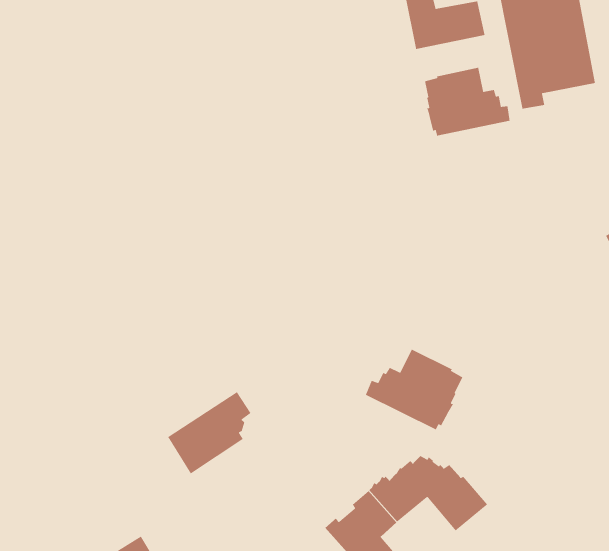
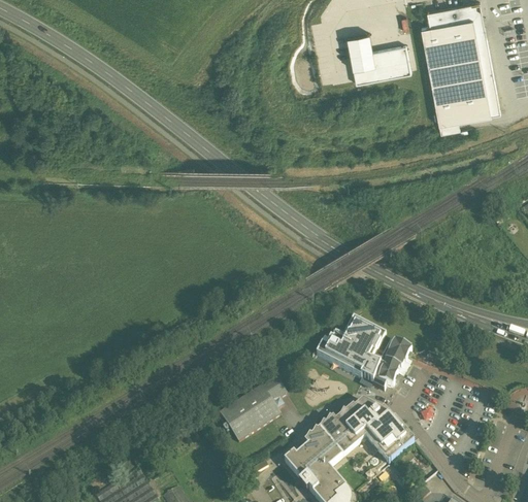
building: [424,67,510,136] -> none
building: none -> [371,341,409,391]
building: [167,391,252,474] -> [218,376,285,442]

